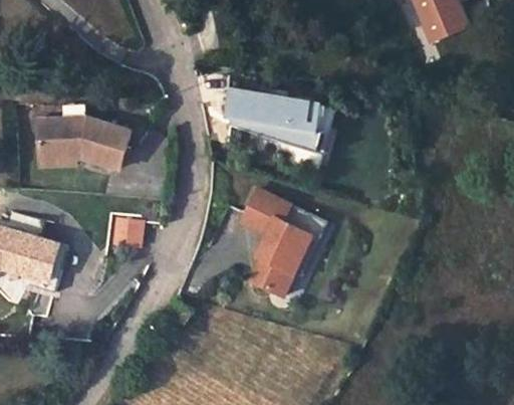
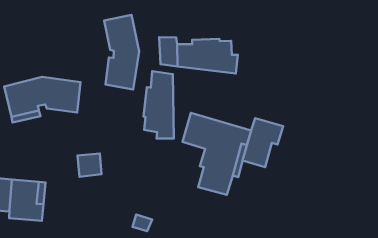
building: none -> [104,15,139,89]
building: none -> [143,71,174,138]
building: none -> [243,118,283,167]

